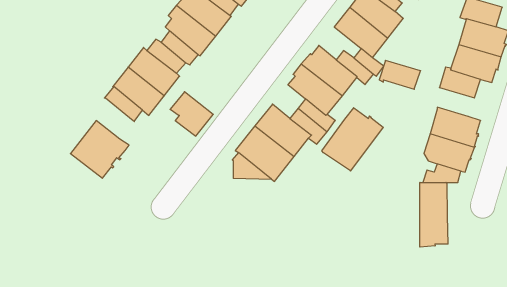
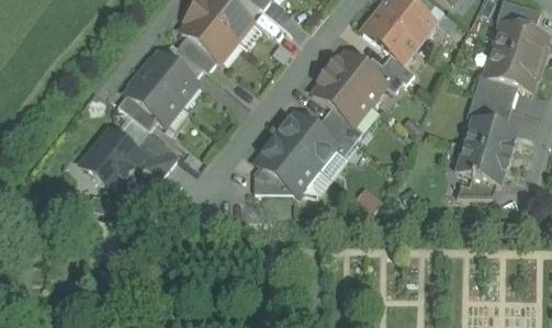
building: [379,60,421,89] -> [467,94,511,125]
building: [170,92,213,136] -> [134,131,180,178]
building: [322,108,383,171] -> none
building: [420,182,448,247] -> none

